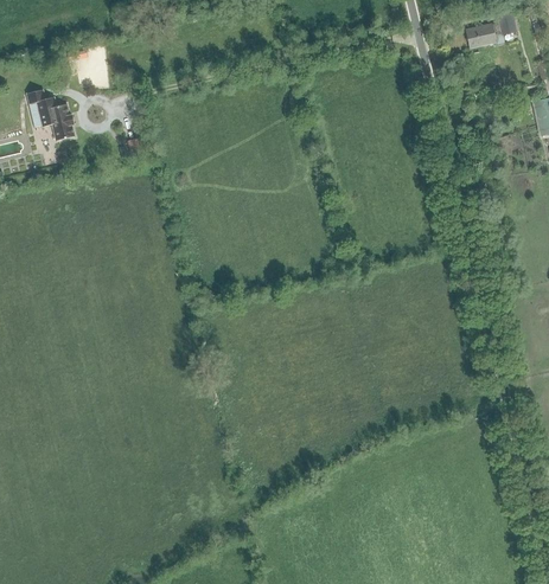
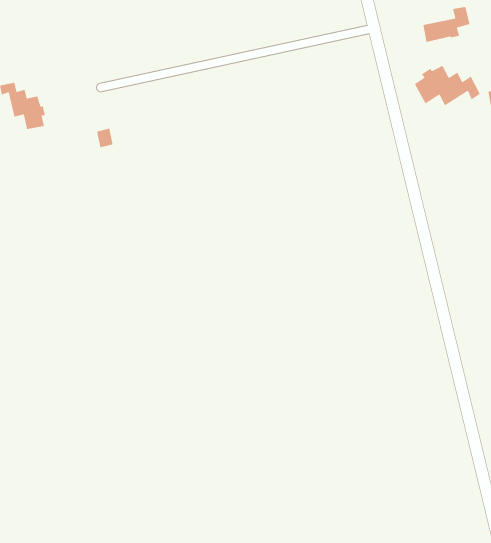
building: none -> [414,65,481,106]

